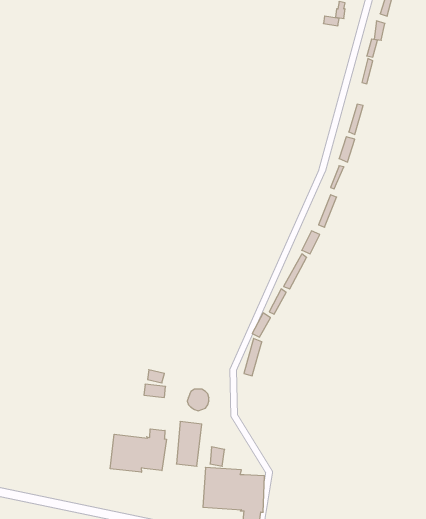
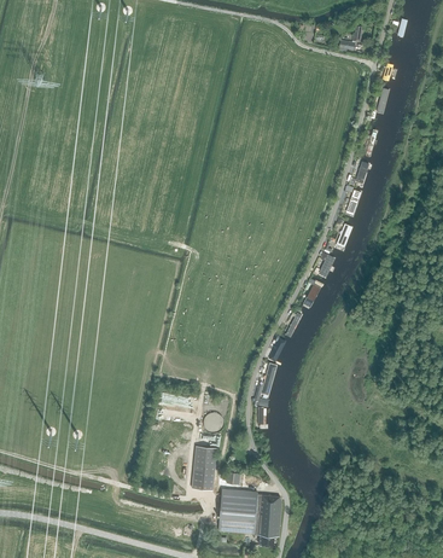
building: [110,429,166,472] -> none

